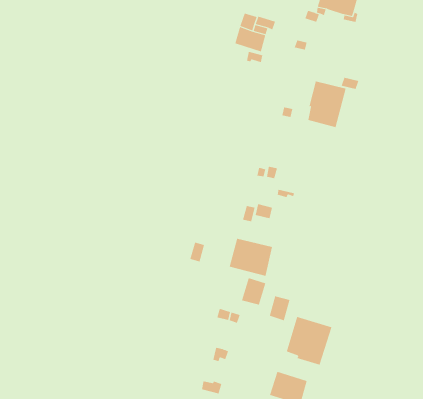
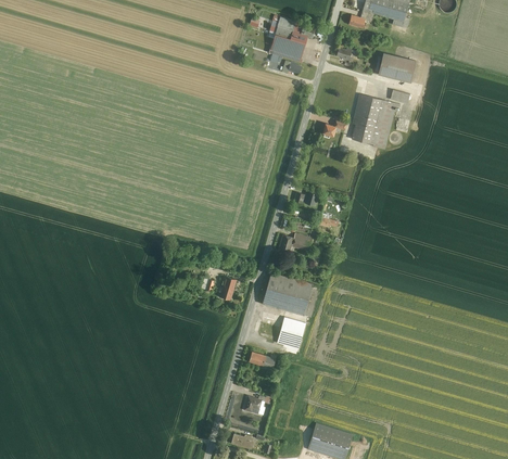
building: none -> [378,53,416,81]
building: [269,296,290,321] -> none
building: [286,316,332,366] -> none

